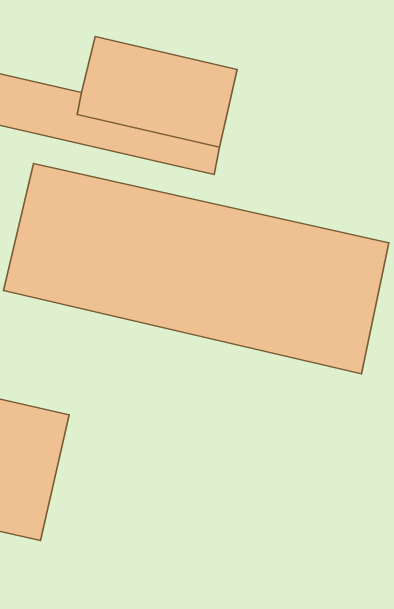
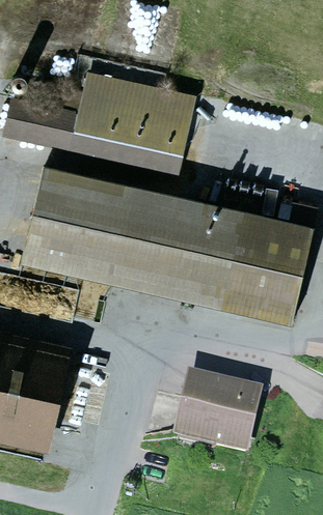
building: none -> [173,367,263,449]

